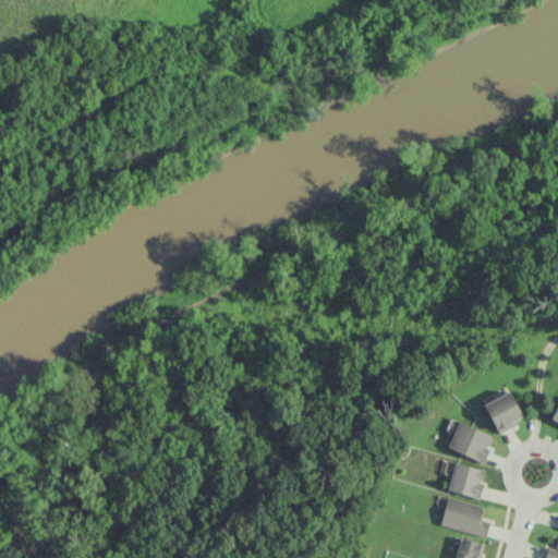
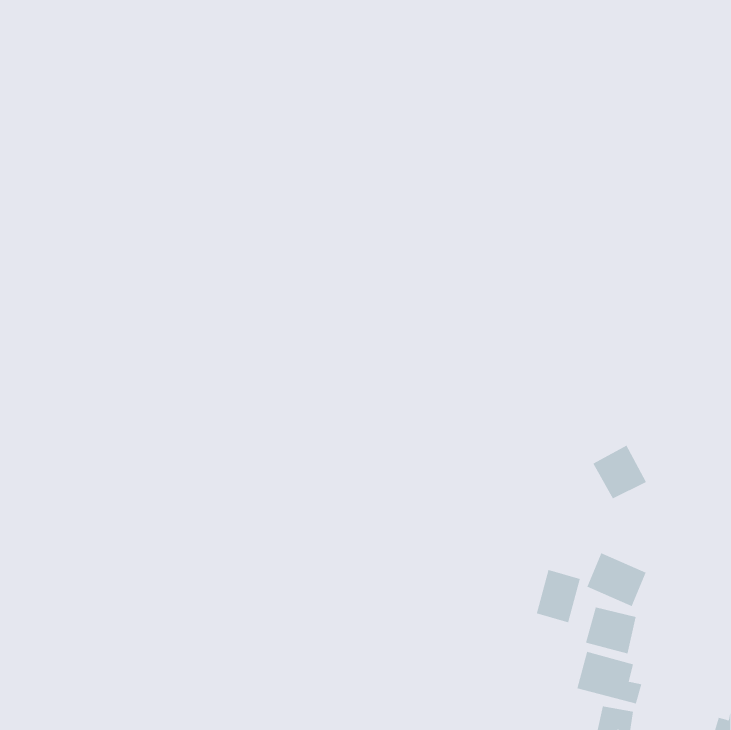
building: [483,391,524,433] -> [592,445,647,499]
building: none -> [536,569,580,623]

